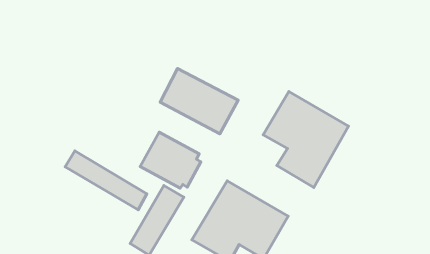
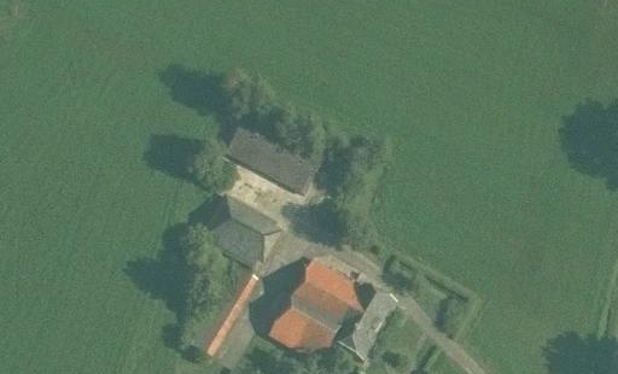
building: [263,91,349,187] -> none
building: [65,151,147,210] -> none

